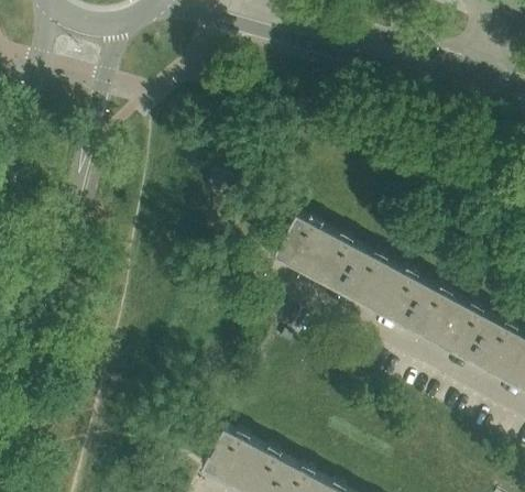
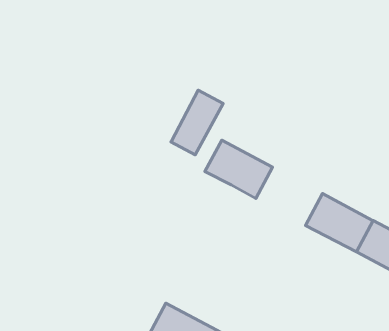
building: none -> [171,90,223,155]
building: [341,253,428,329] -> none

